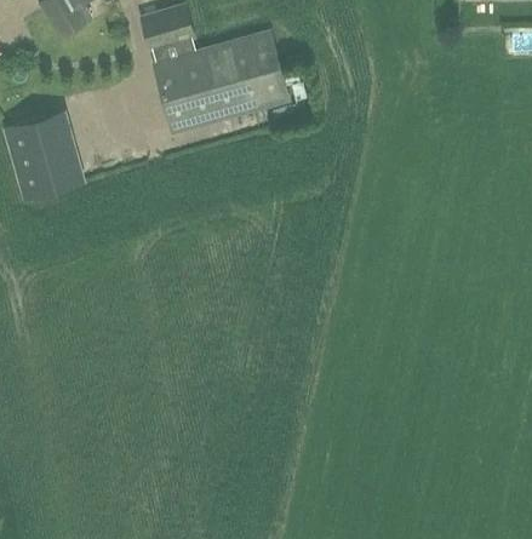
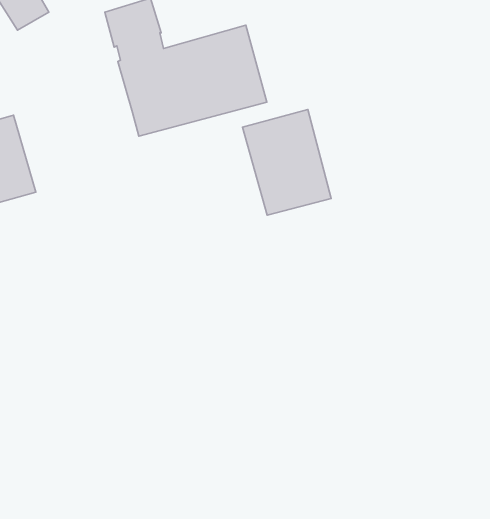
building: none -> [243,109,331,215]

